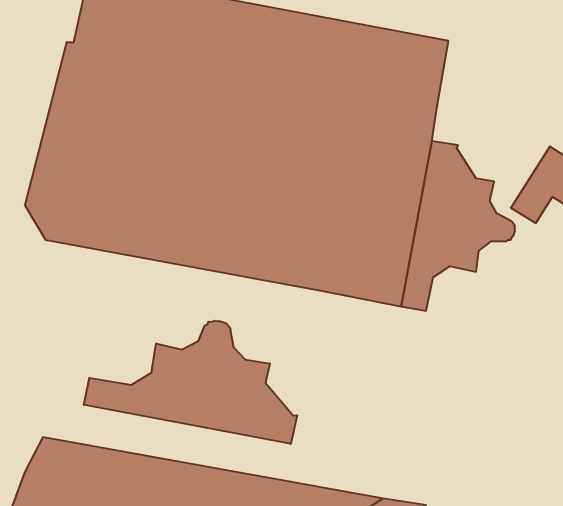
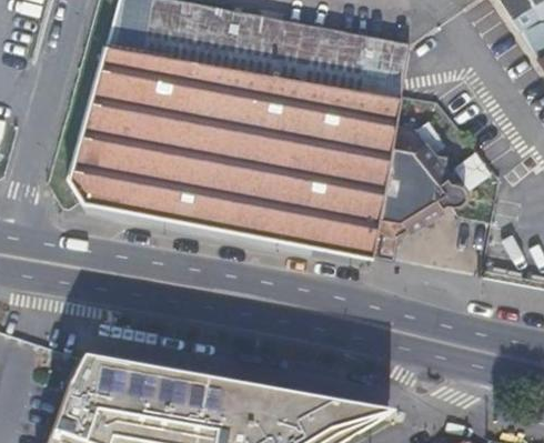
building: [84,321,297,444] -> none

